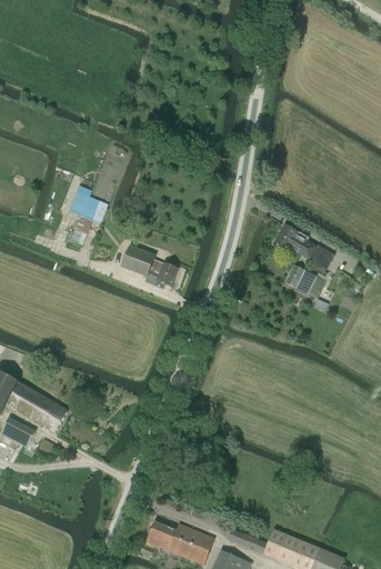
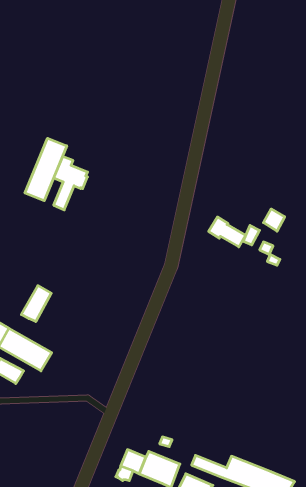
building: none -> [25,138,67,201]
building: [275,224,318,259] -> [209,217,246,247]
building: [121,246,178,286] -> none
building: none -> [21,286,51,322]

